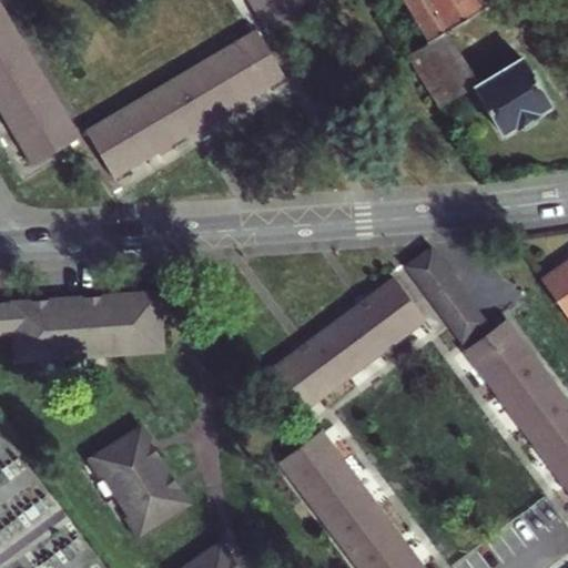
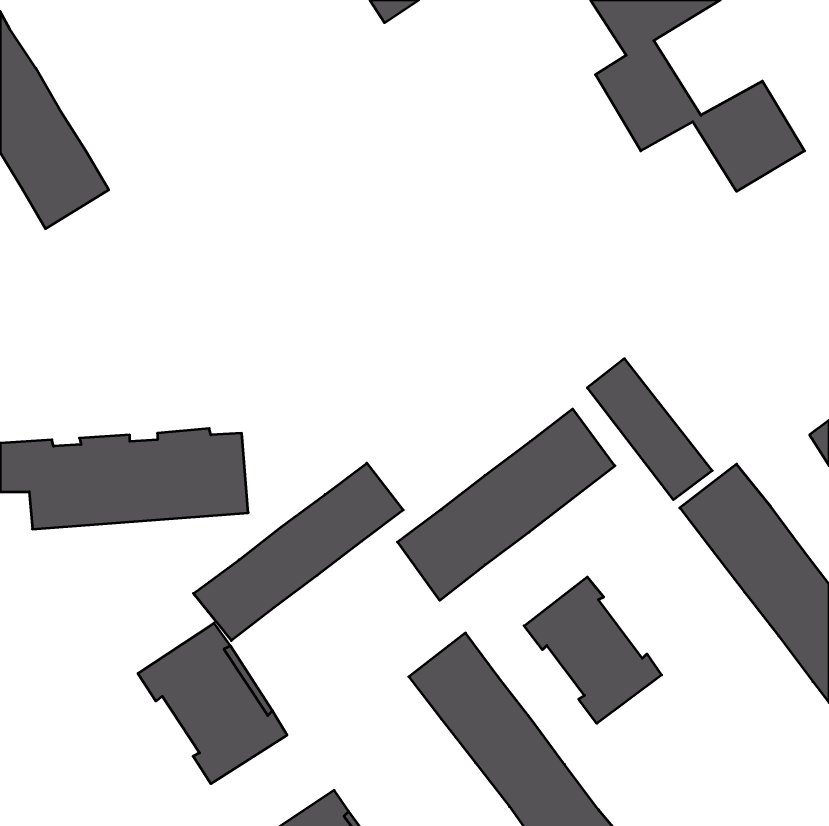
building: [84,23,281,170] -> none
building: none -> [193,463,403,641]
building: none -> [524,577,662,723]

